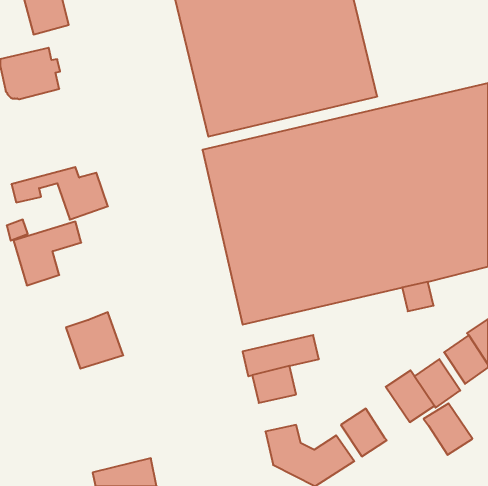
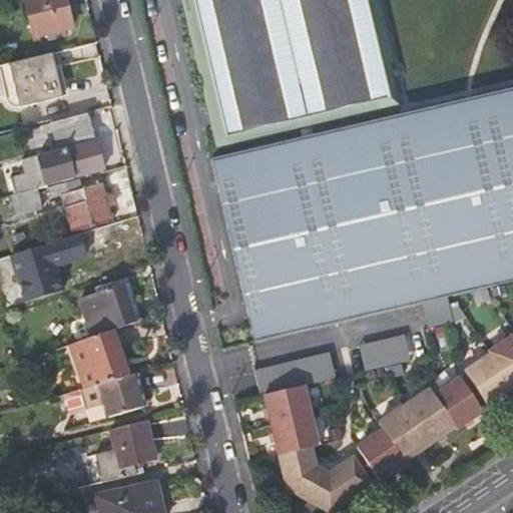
building: none -> [8,113,105,192]
building: none -> [80,282,136,336]
building: none -> [358,333,410,370]
building: none -> [78,371,143,414]
building: none -> [272,414,317,453]
building: none -> [98,418,156,480]
building: [424,403,472,455] -> [379,406,430,460]

